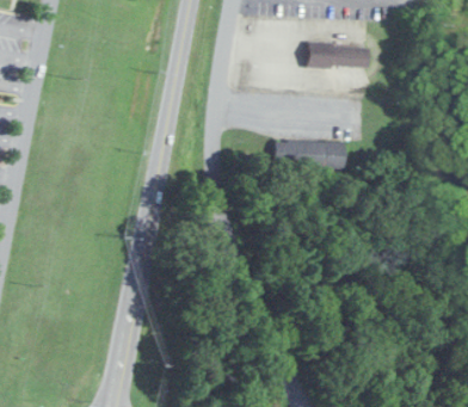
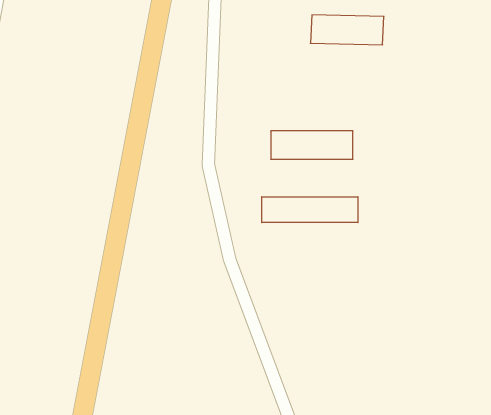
building: none -> [262,197,358,223]

